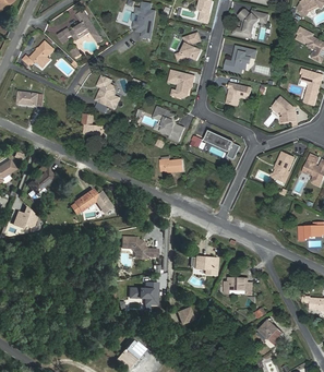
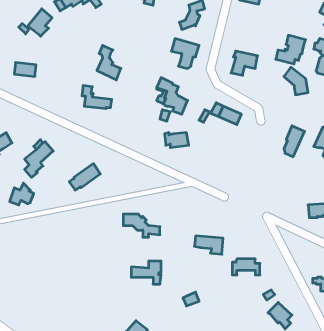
building: [223,44,251,71] -> [276,35,306,64]

